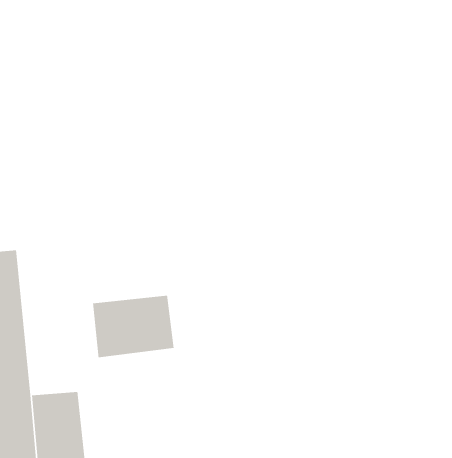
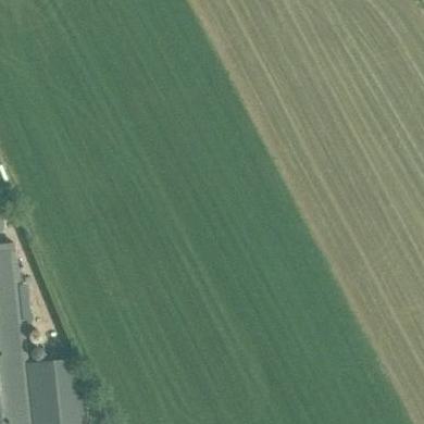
building: [93,295,174,358] -> none

